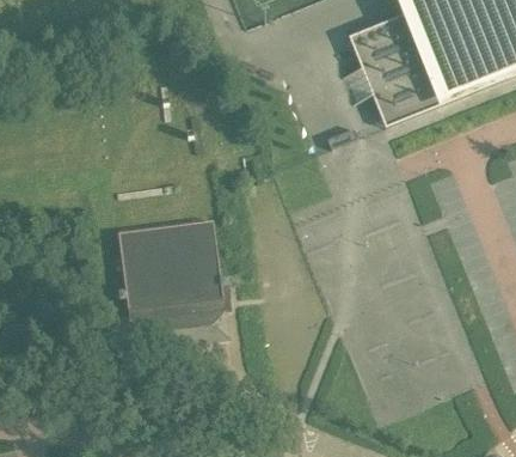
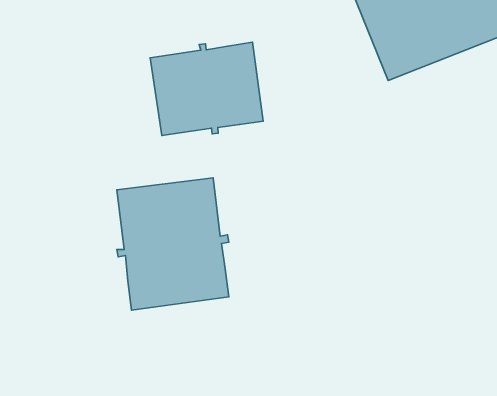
building: none -> [150,42,263,135]

